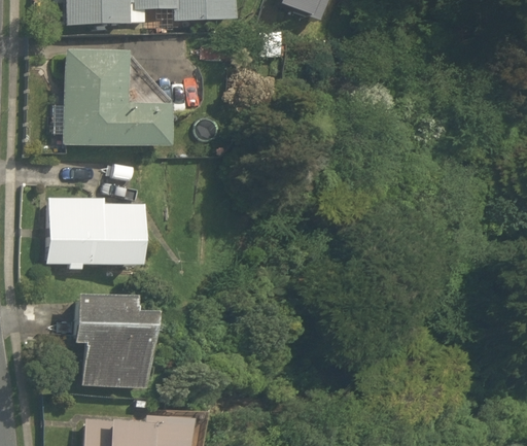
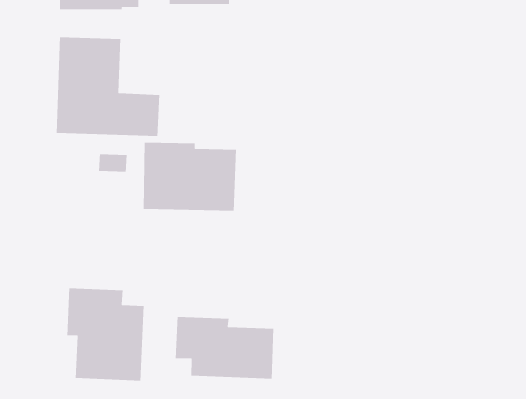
building: [49,197,141,265] -> [143,142,237,212]
building: none -> [175,316,274,380]

